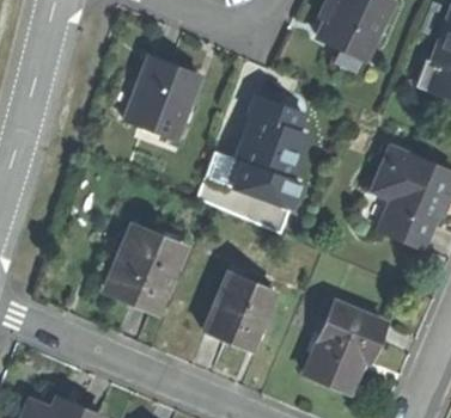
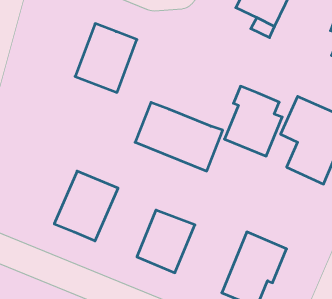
building: [240,92,310,176] -> [224,86,282,156]

